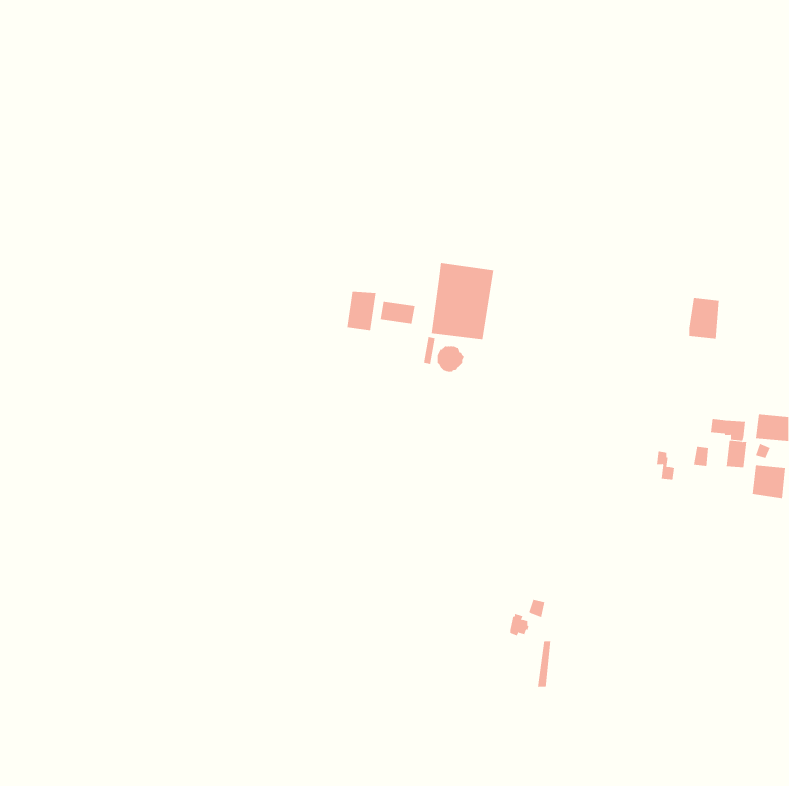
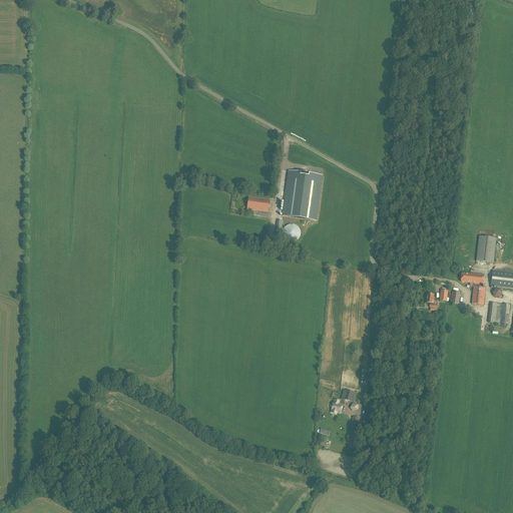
building: [347,291,376,331] -> none
building: [689,297,719,339] -> [476,234,496,262]

